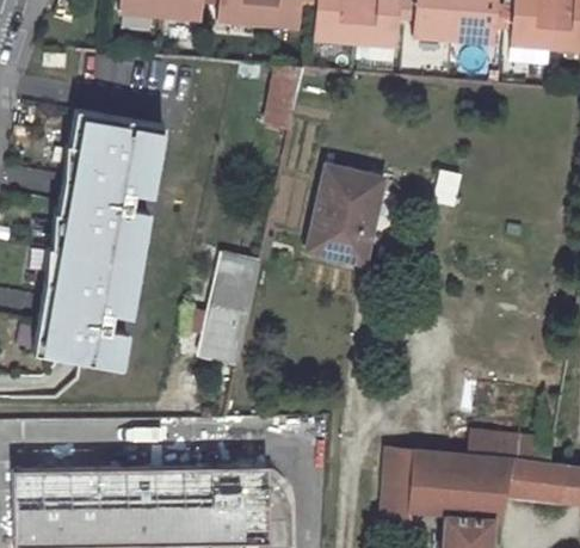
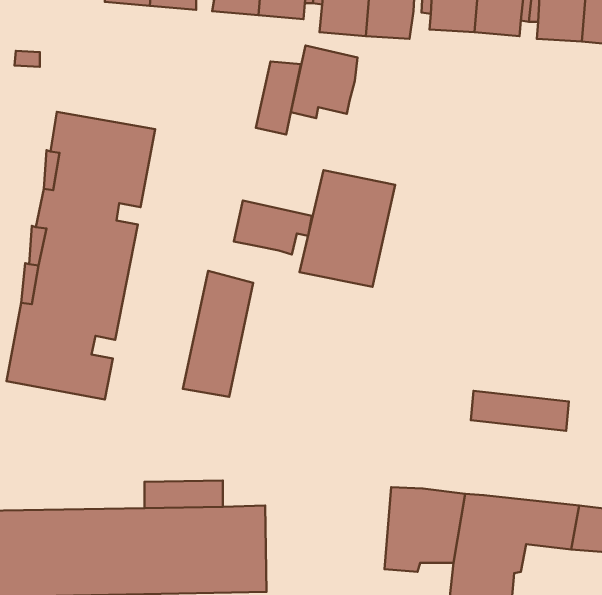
building: none -> [291,46,358,118]
building: none -> [234,201,312,254]
building: [465,430,554,466] -> [471,391,569,431]

